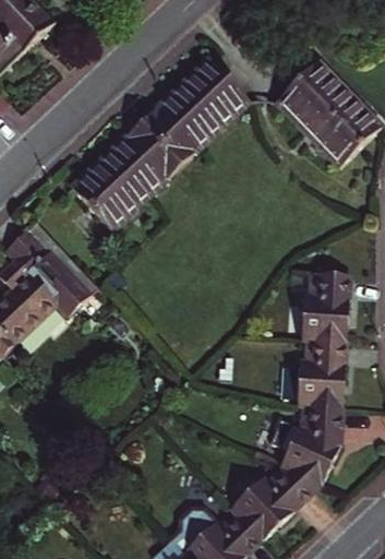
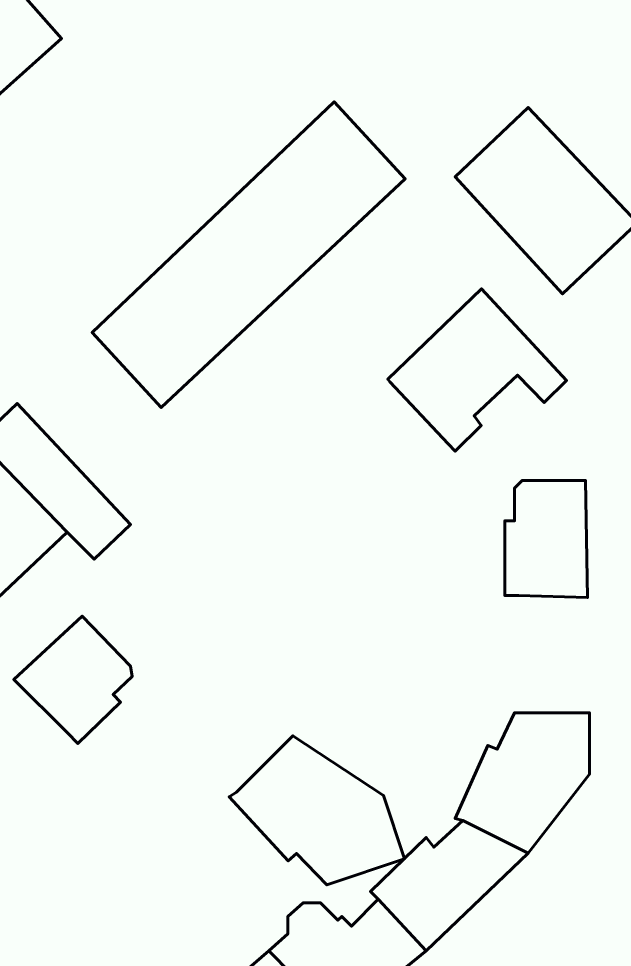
building: none -> [388,289,567,451]
building: [302,340,351,406] -> none
building: none -> [14,616,132,744]
building: none -> [229,736,404,885]

